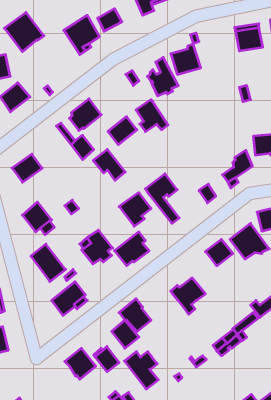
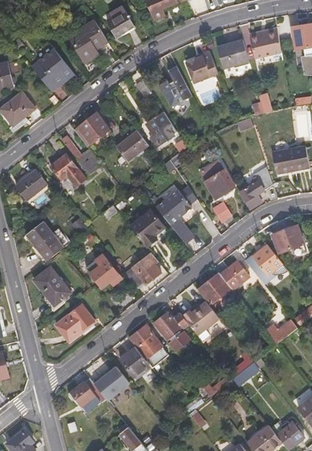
building: [4,12,44,52] -> [31,49,73,91]
building: none -> [217,40,247,68]
building: none -> [198,160,234,197]
building: [93,149,125,180] -> [50,154,84,187]
building: none -> [199,272,231,302]
building: [124,352,158,389] -> [155,311,191,351]

